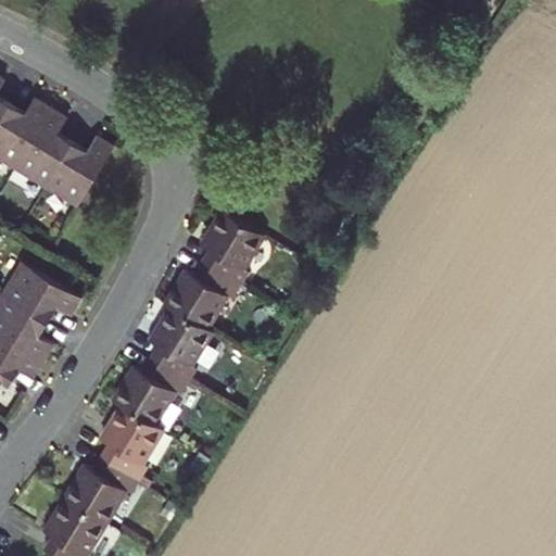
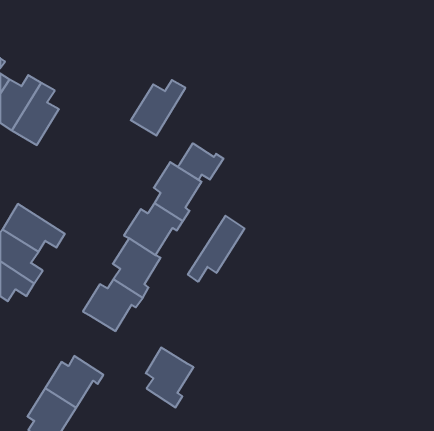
building: [50,140,119,211] -> [131,80,185,136]
building: none -> [178,143,223,180]
building: none -> [188,216,244,282]
building: [97,407,157,483] -> [146,348,194,407]

